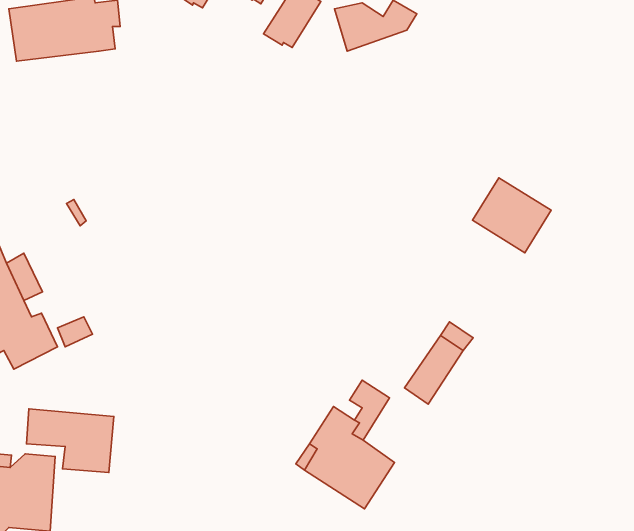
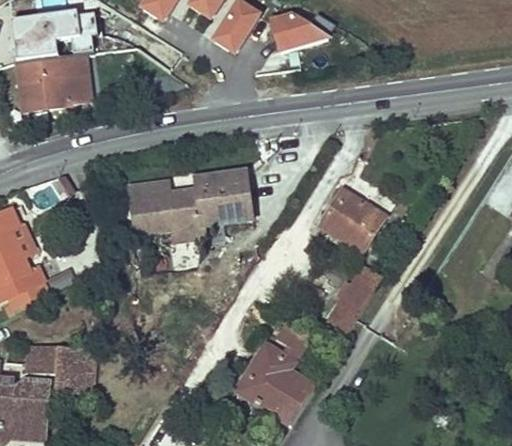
building: none -> [14,54,85,110]
building: [473,178,551,253] -> [320,188,383,248]
building: none -> [138,169,262,240]

